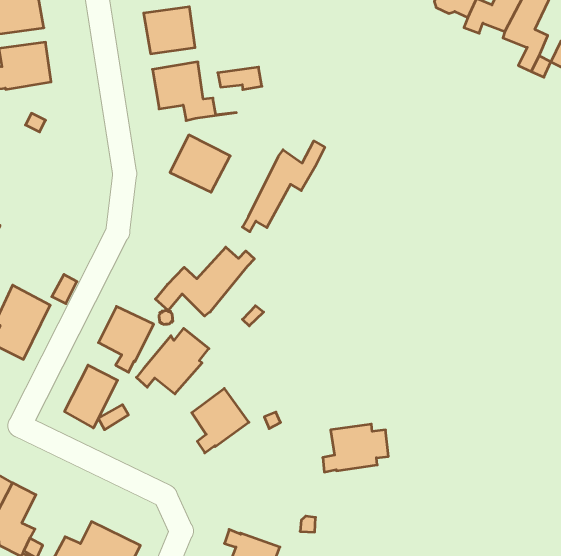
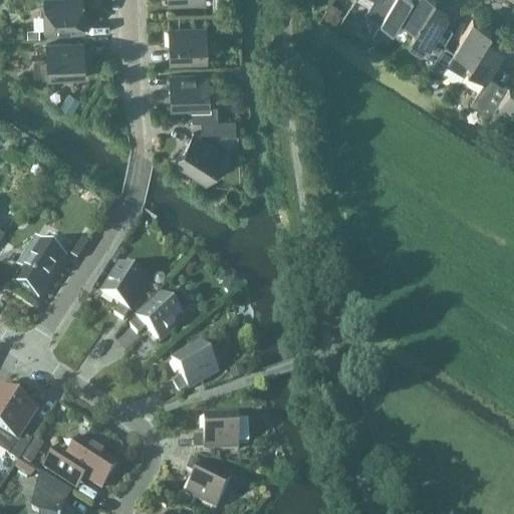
building: [218,67,262,90] -> [202,115,237,133]
building: [242,141,325,232] -> none
building: [155,247,254,316] -> none
building: [65,365,118,428] -> none
building: [323,424,388,472] -> [194,414,248,449]

